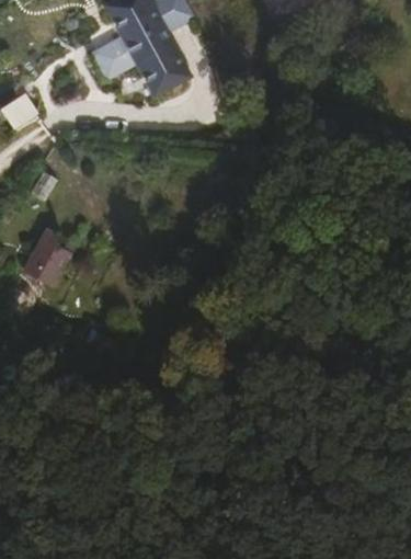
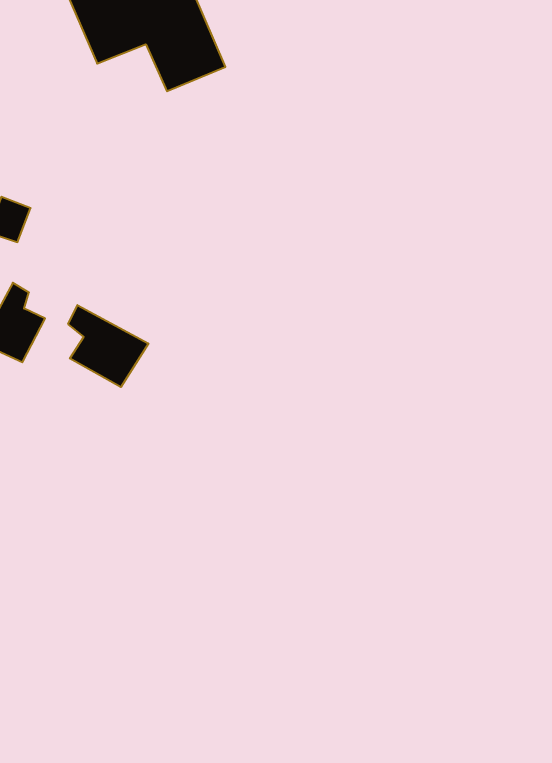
building: none -> [68,305,148,387]

